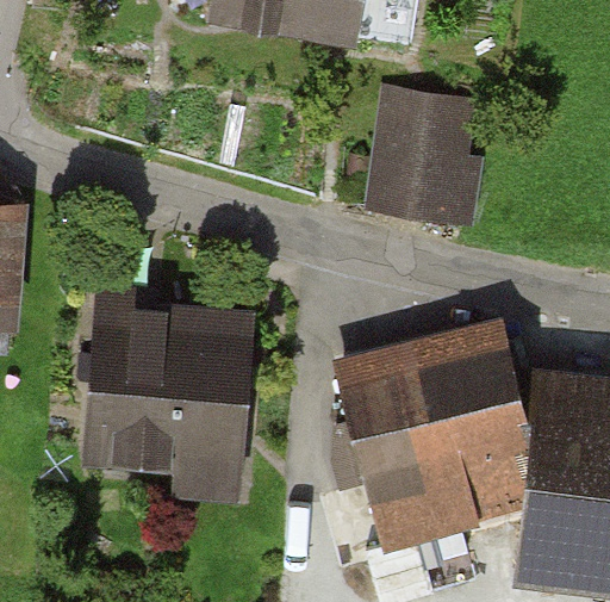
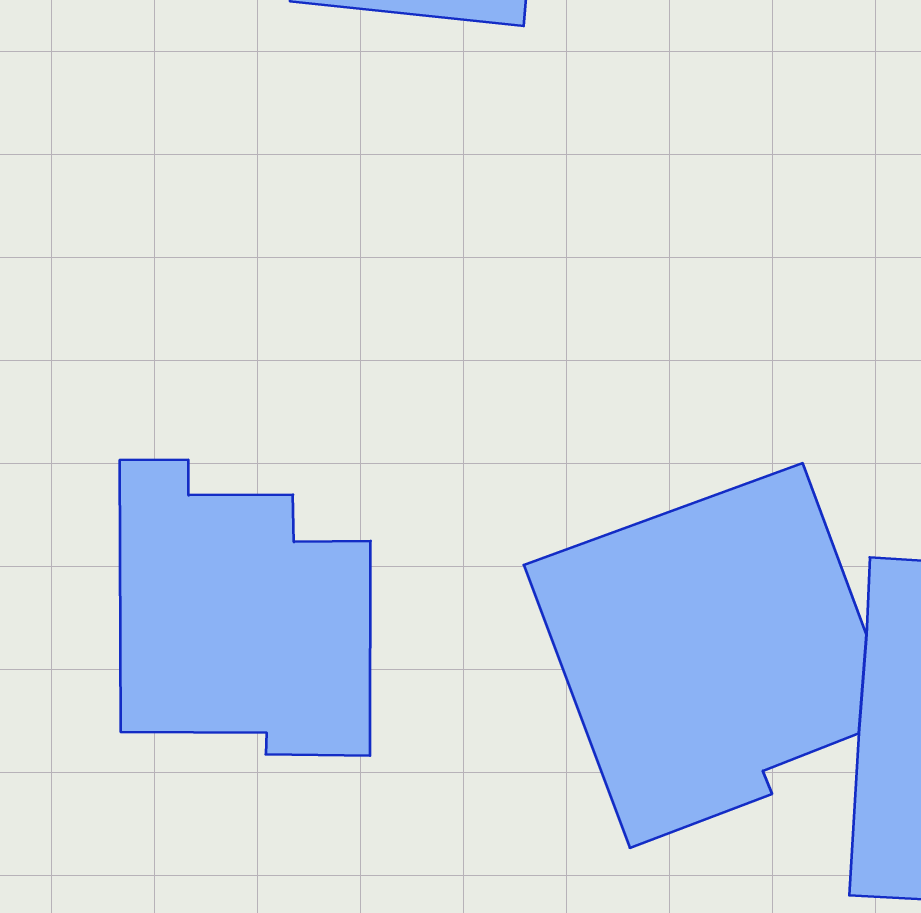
building: [373,85,481,222] -> none

